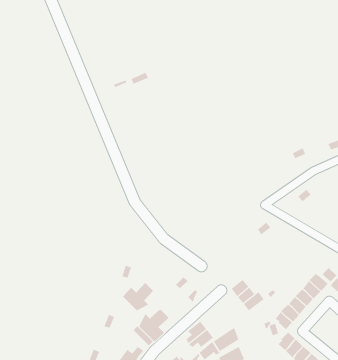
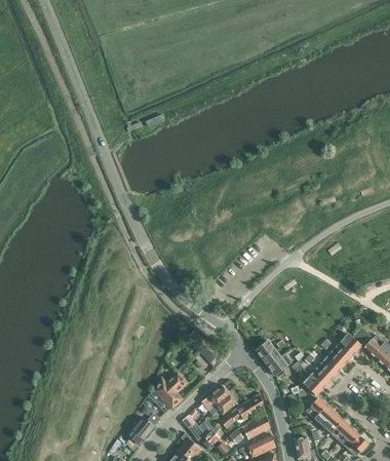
building: [122,282,154,311] -> none

